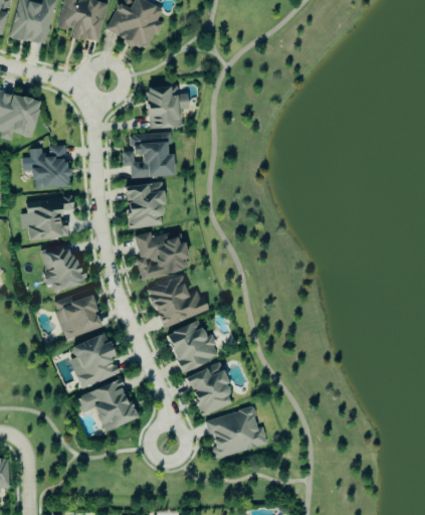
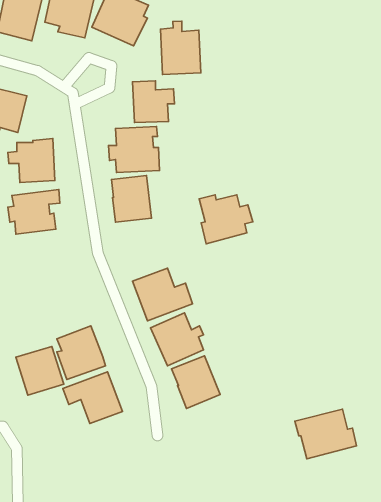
building: none -> [160,21,201,74]
building: [135,231,189,281] -> [199,195,253,244]
building: [40,242,82,291] -> none
building: [53,290,101,339] -> [16,346,64,395]
building: [205,407,267,458] -> [295,409,357,459]

